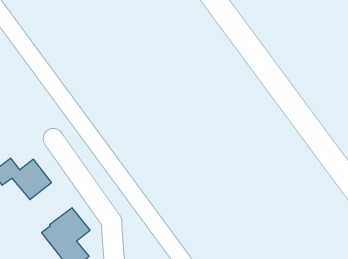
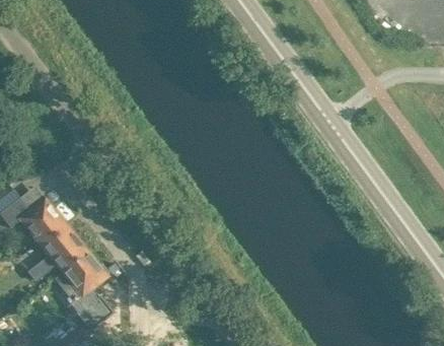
building: none -> [27,224,88,280]

